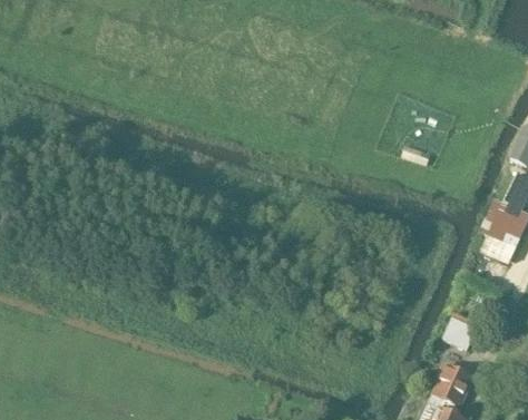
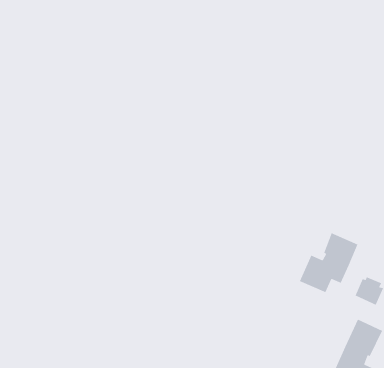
building: none -> [299,232,358,293]

